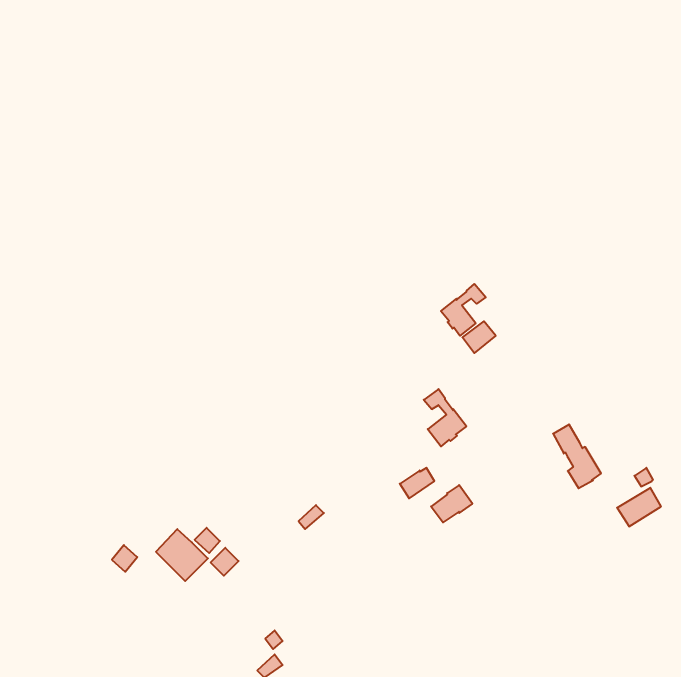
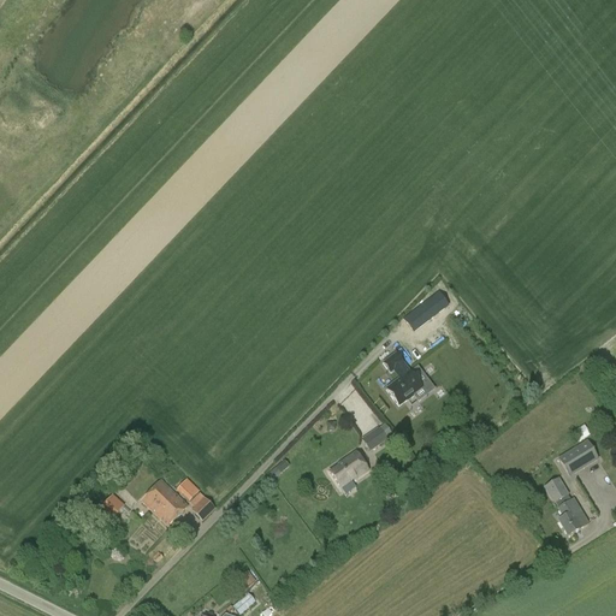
building: [441,284,486,336] -> none
building: [553,424,601,488] -> [544,476,587,534]
building: [431,485,472,522] -> [330,451,367,485]

